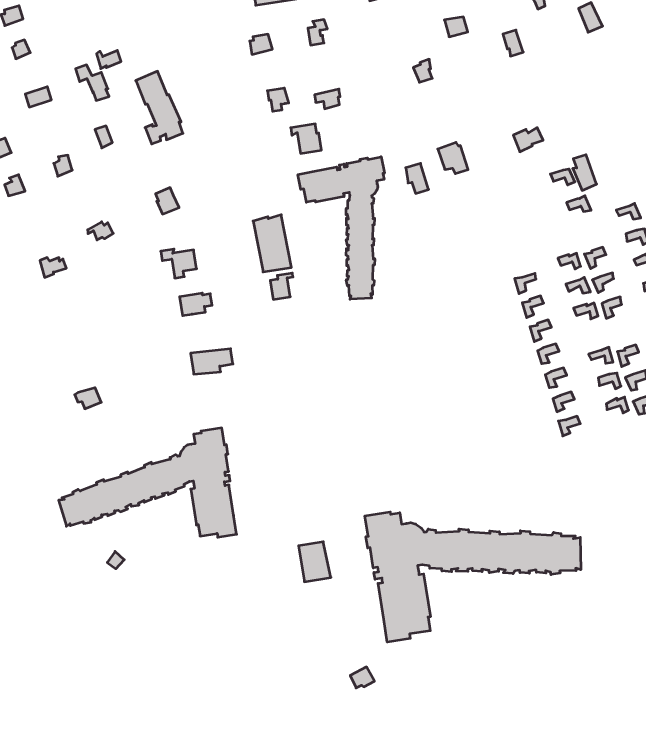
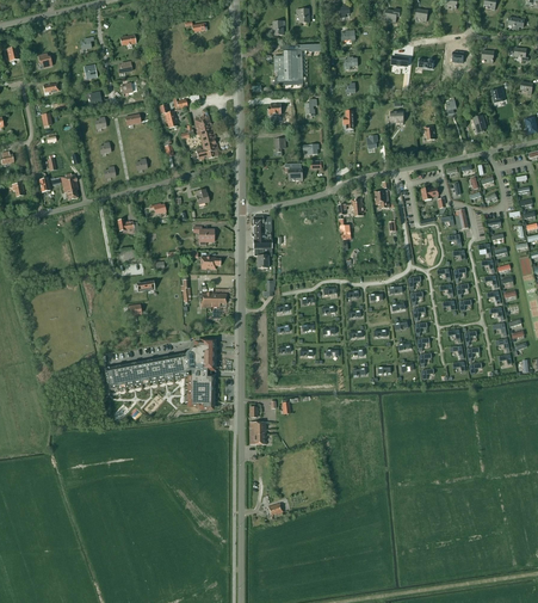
building: [298,157,384,299] -> none
building: [365,512,581,642] -> none

